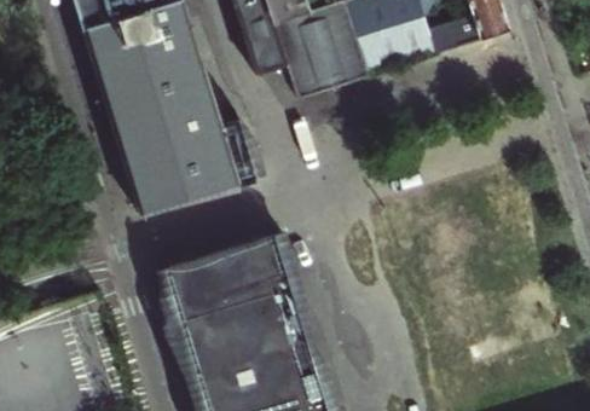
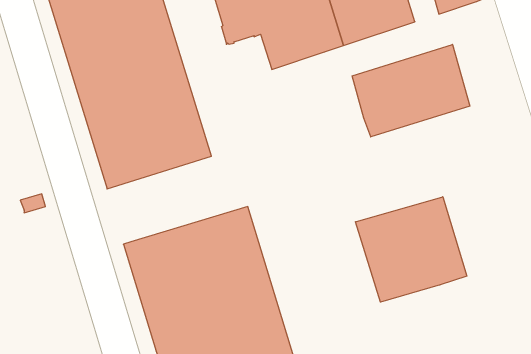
building: none -> [352,44,470,137]
building: none -> [355,197,467,302]

